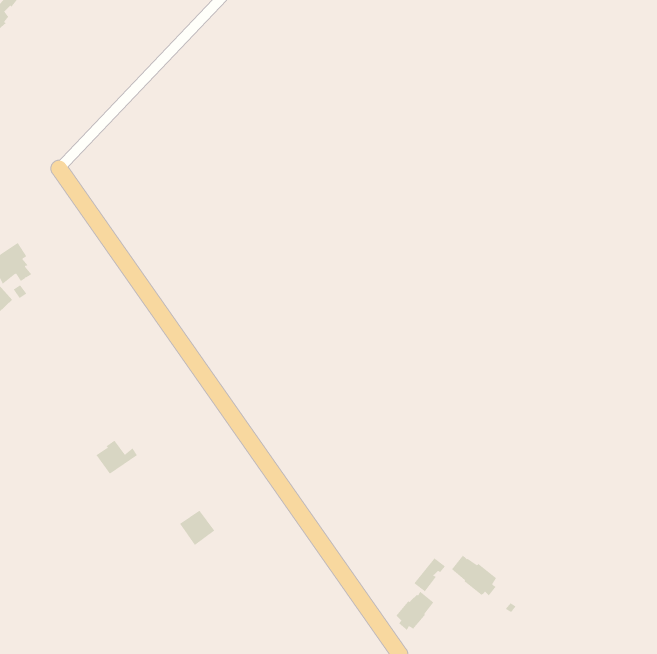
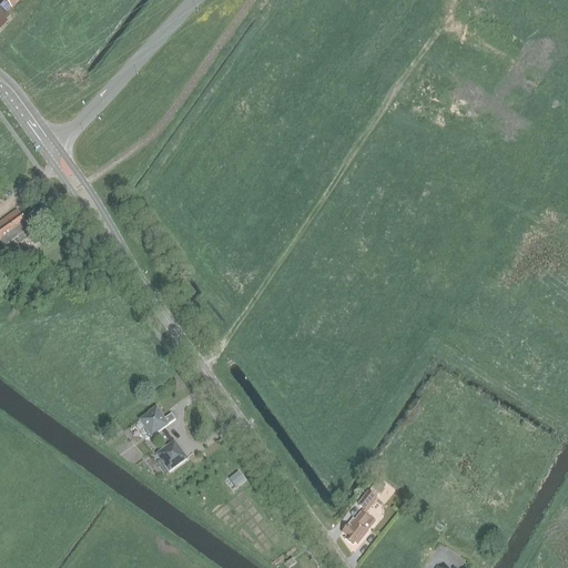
building: [95,440,138,475] -> [138,405,174,435]
building: [451,555,497,596] -> none

